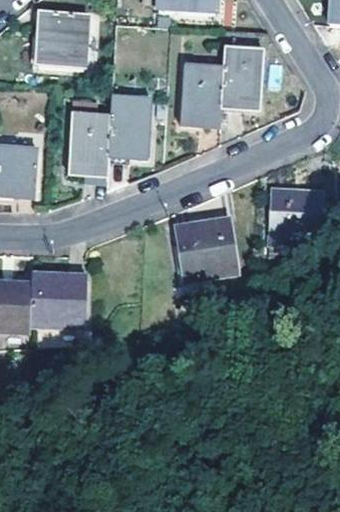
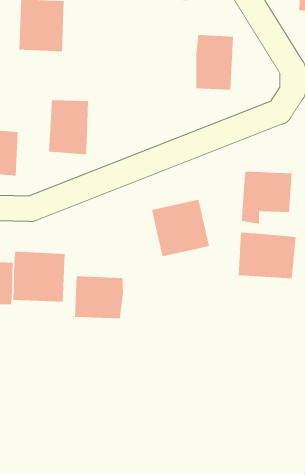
building: [181,65,222,122] -> none
building: [109,96,148,155] -> none
building: none -> [238,232,296,279]
building: none -> [75,276,123,319]

